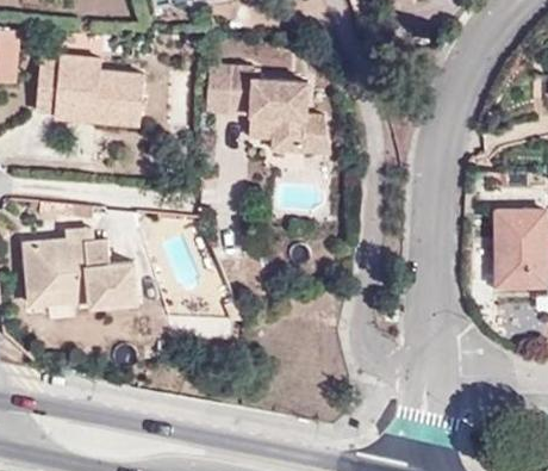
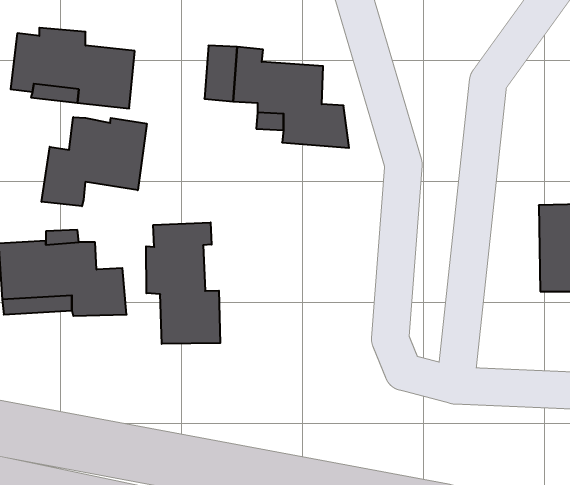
building: none -> [42,117,147,206]
building: none -> [146,222,220,344]

